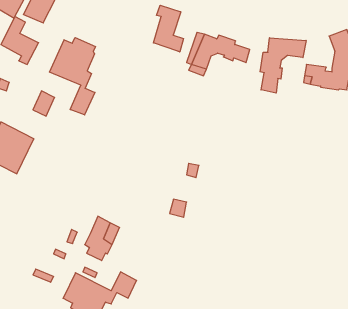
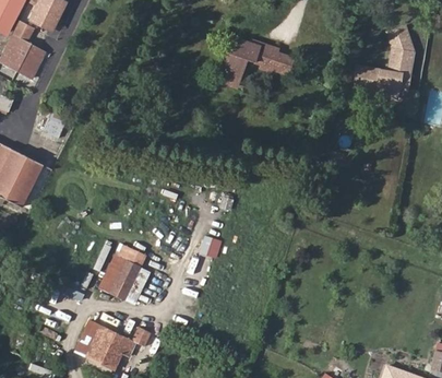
building: [153,5,184,52] -> none
building: [50,38,95,115] -> none
building: [260,38,306,93] -> none

